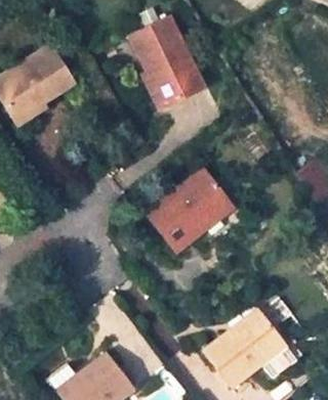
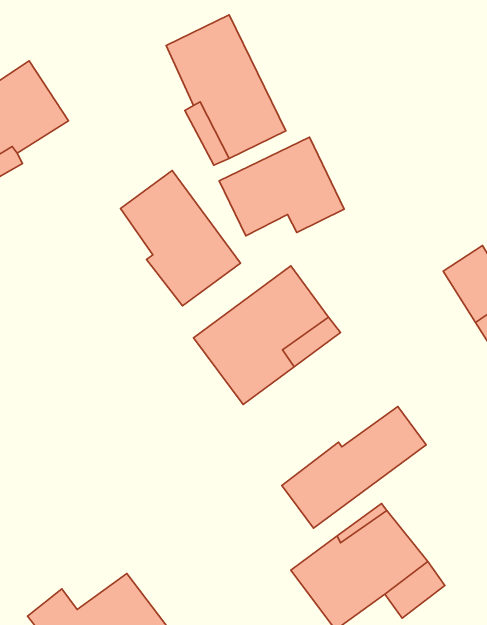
building: none -> [219,137,344,236]
building: none -> [121,170,241,306]
building: none -> [282,407,426,528]

